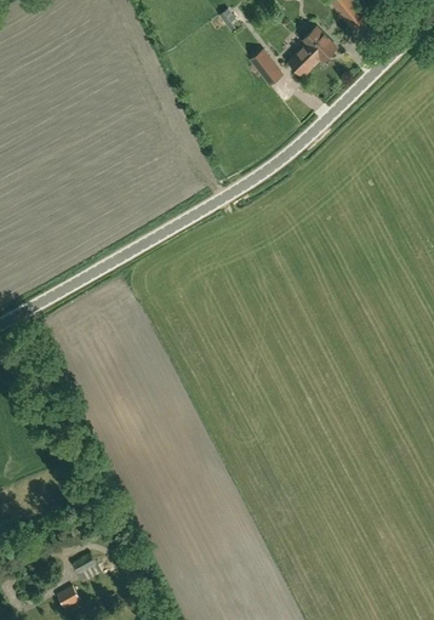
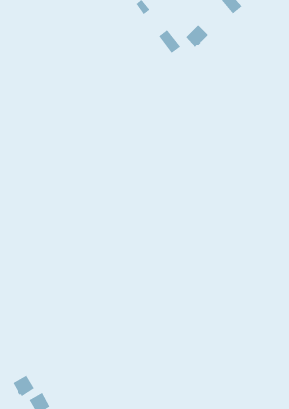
building: [303,28,337,62] -> none
building: none -> [13,375,35,397]

